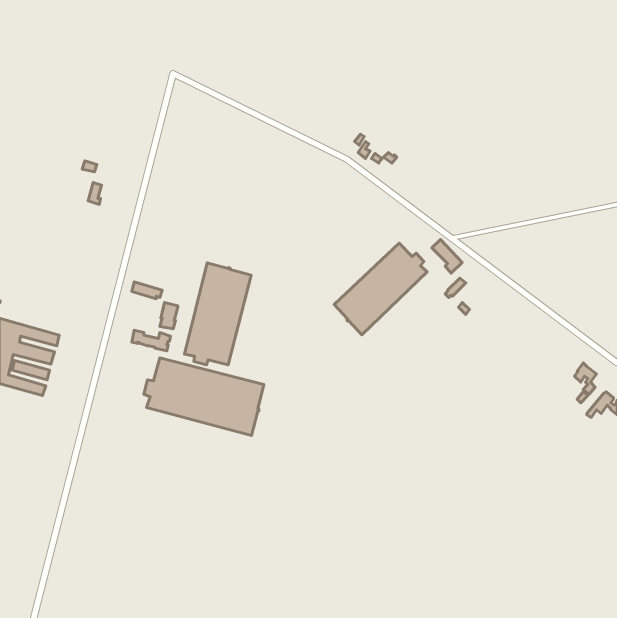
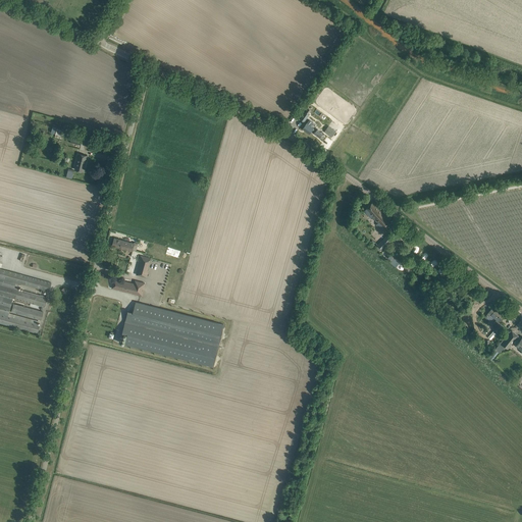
building: [334,243,427,335] -> none
building: [185,263,251,365] -> none

